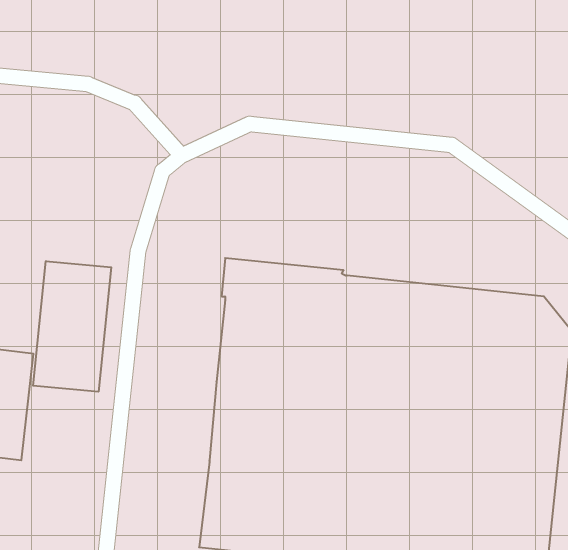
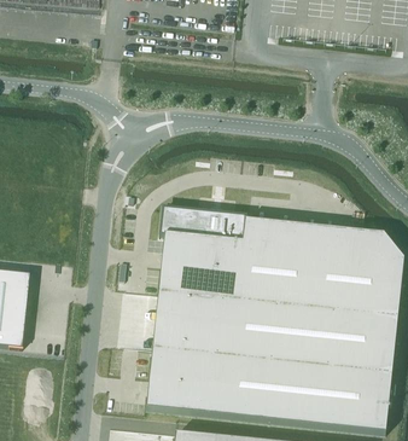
building: [33,261,111,392] -> none

